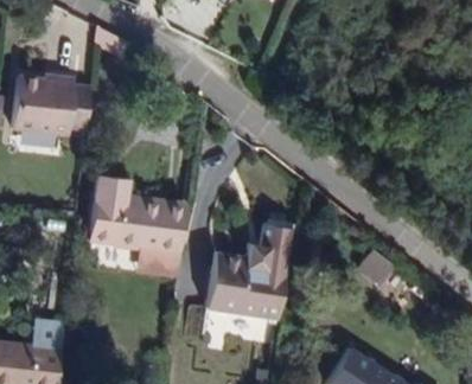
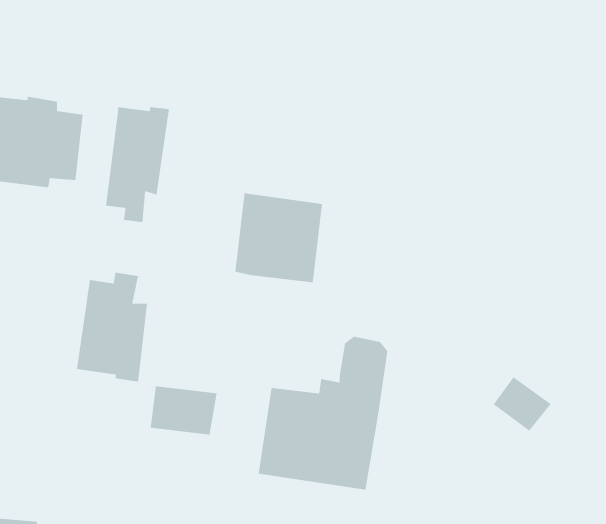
building: none -> [106,106,170,223]
building: [128,201,185,260] -> [235,193,323,283]

